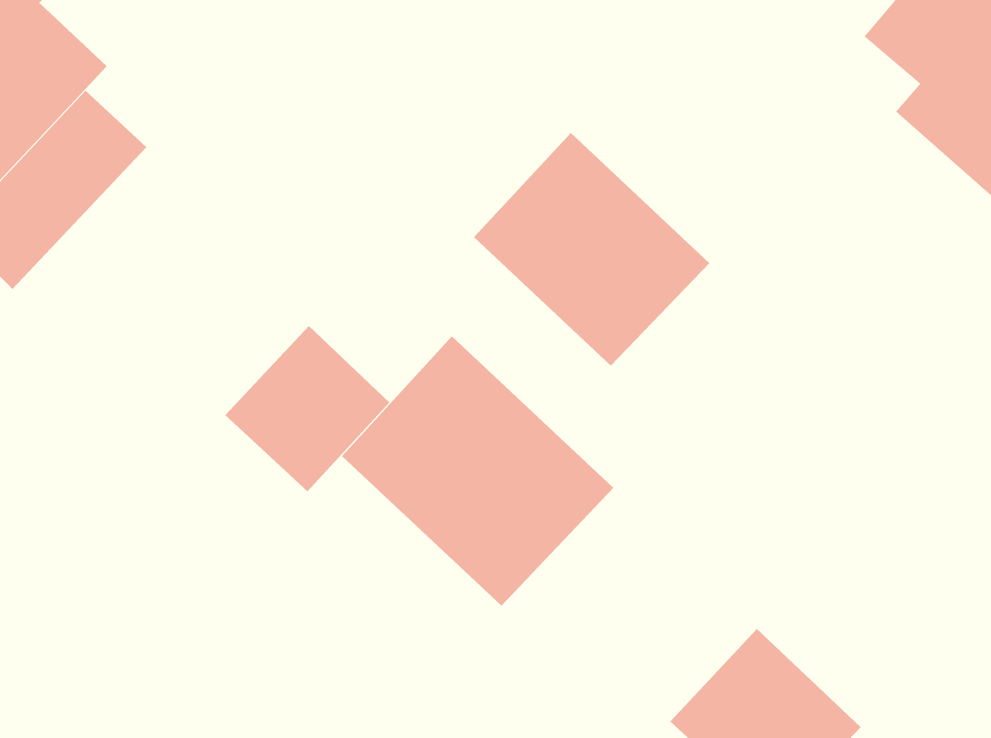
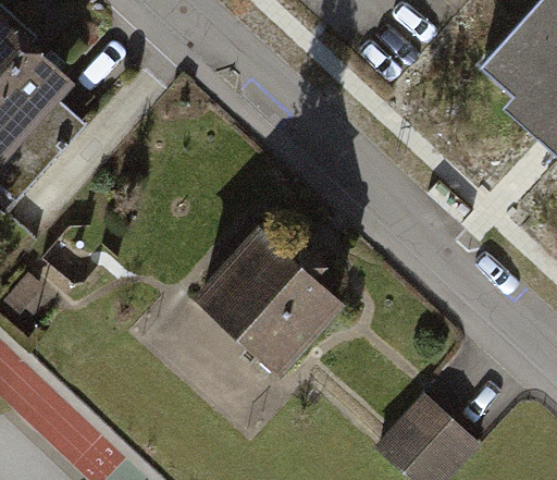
building: [473,132,710,367] -> none
building: [224,325,390,492] -> none

